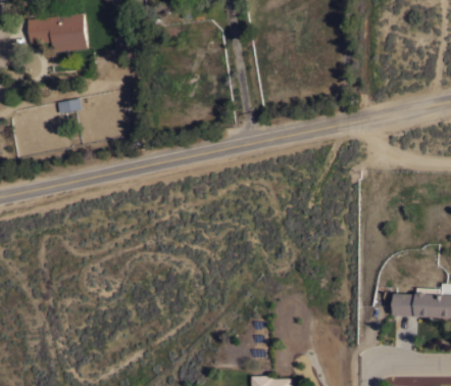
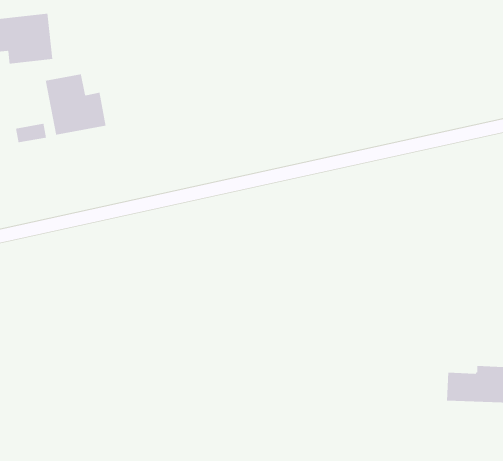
building: none -> [45,74,106,135]

